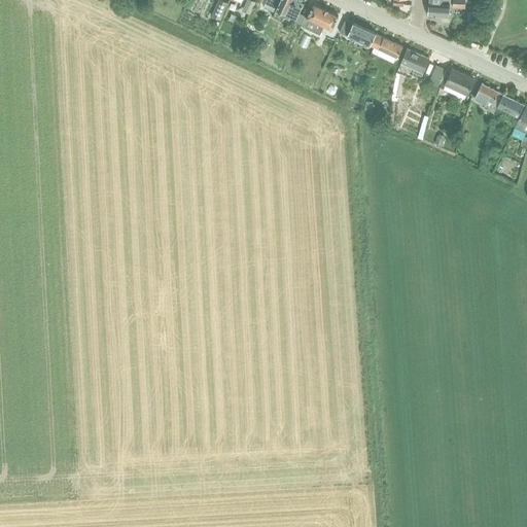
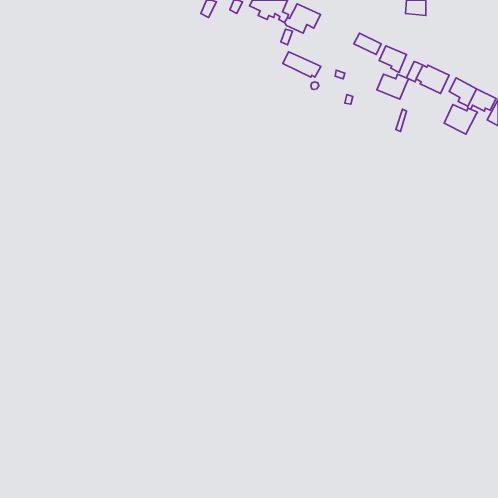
building: [340,20,380,46] -> [283,52,321,77]
building: none -> [377,74,408,99]
building: none -> [444,104,477,134]

